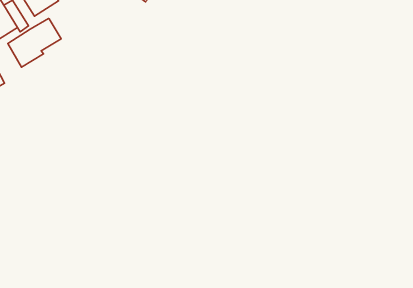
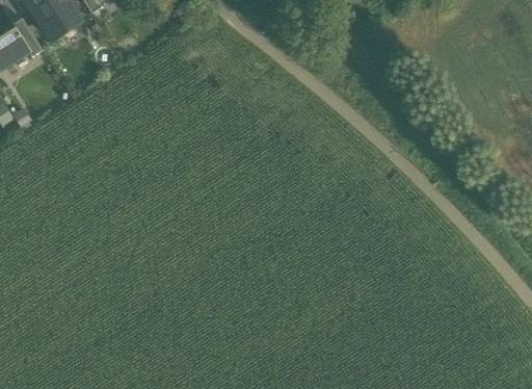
building: [8,19,61,67] -> none

